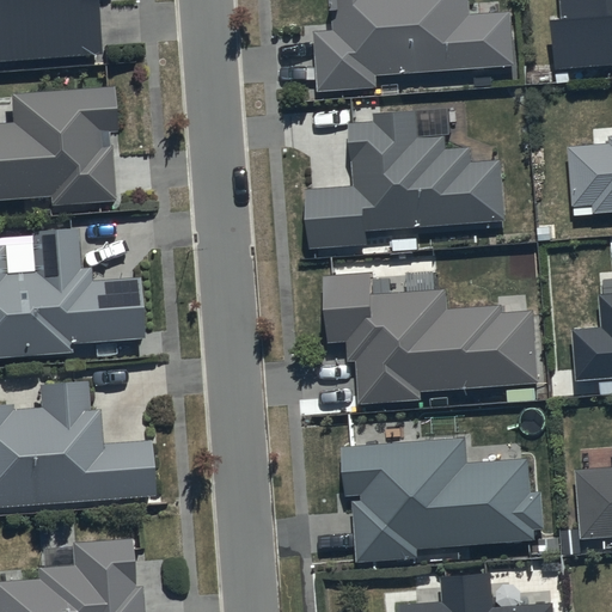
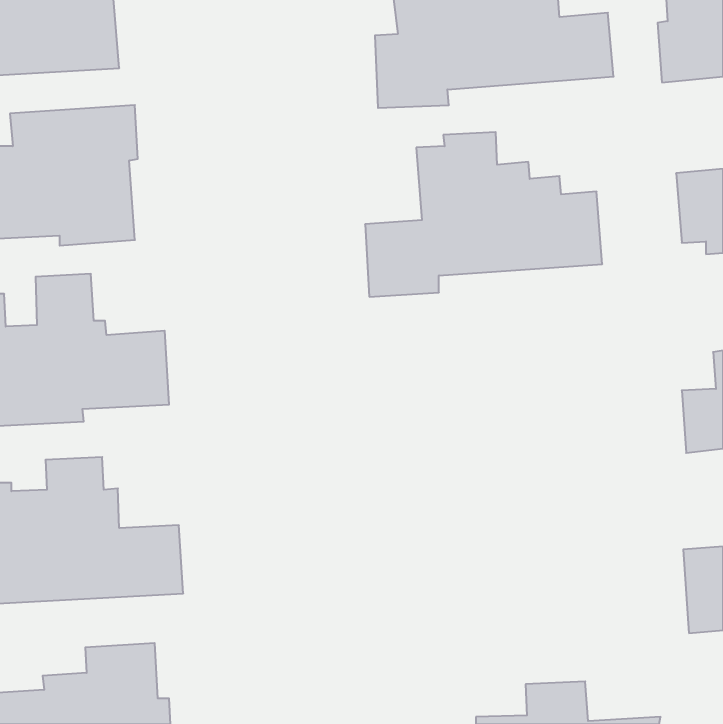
building: [325,273,541,404] -> none
building: [341,433,541,557] -> none

